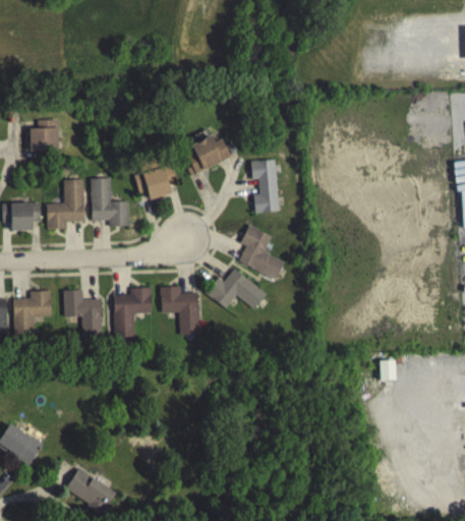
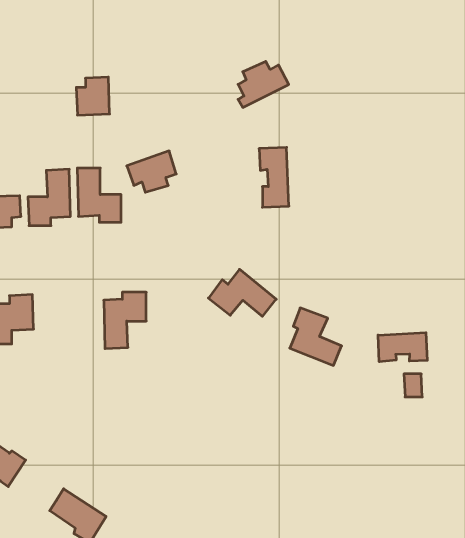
building: [30,119,59,153] -> [76,77,110,115]
building: [187,135,232,176] -> [238,61,289,107]
building: [238,227,284,278] -> [290,308,342,365]
building: [161,286,199,335] -> none
building: [64,290,102,336] -> none
building: none -> [378,333,427,362]

